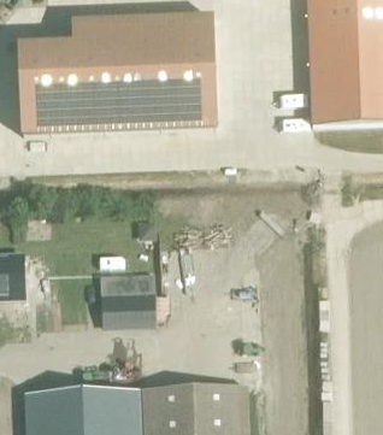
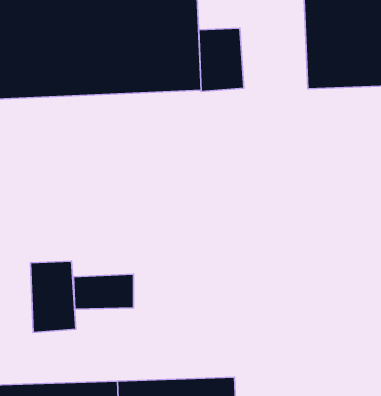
building: none -> [199,28,244,92]
building: none -> [30,261,76,333]

